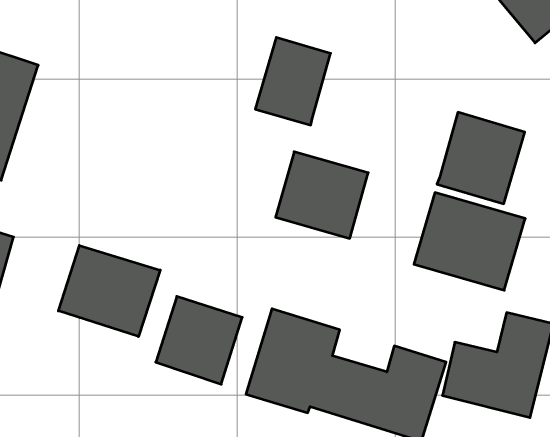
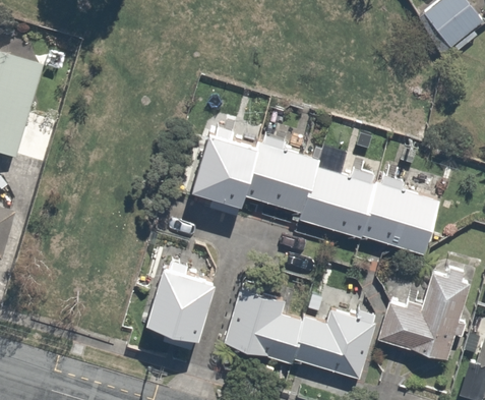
building: [255,37,331,125] -> [192,129,254,202]
building: [437,112,525,204] -> [298,160,370,235]
building: [58,245,160,337] -> none

